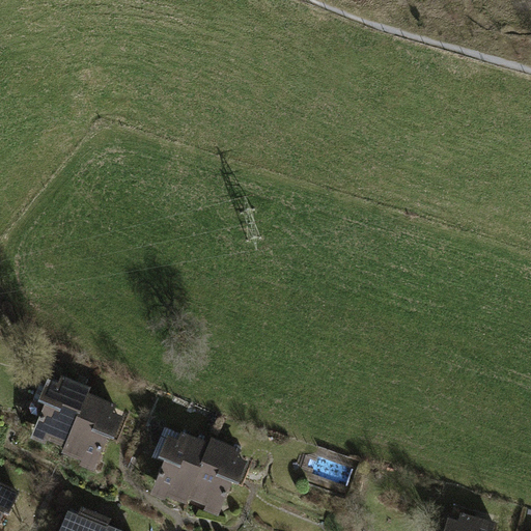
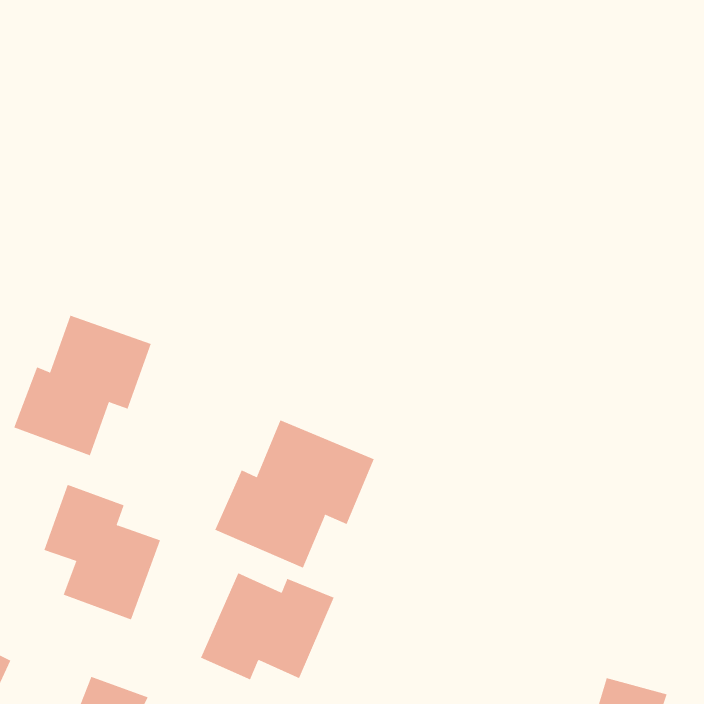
building: none -> [14,315,151,456]
building: none -> [214,419,374,569]

